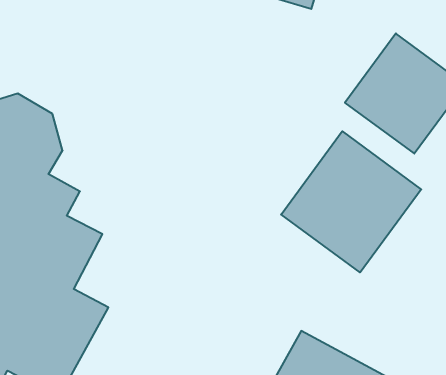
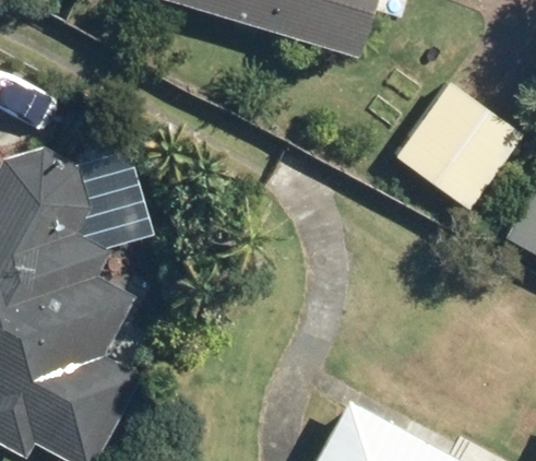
building: [281,131,421,272] -> none

